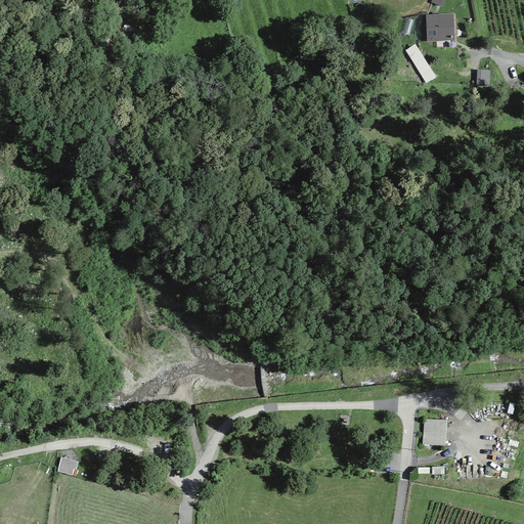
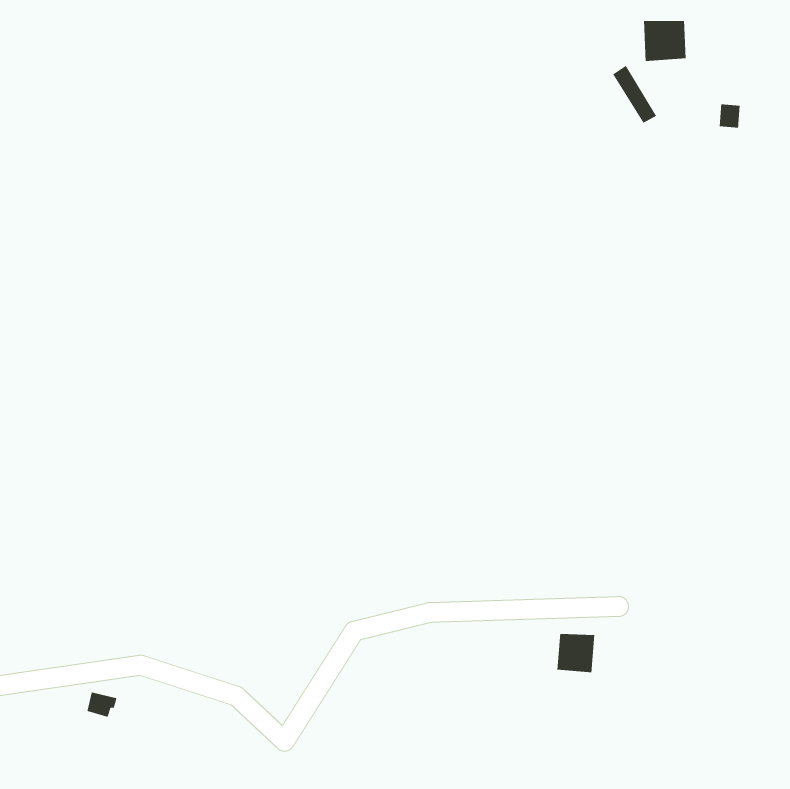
building: [423,420,448,446] -> [557,633,595,673]

